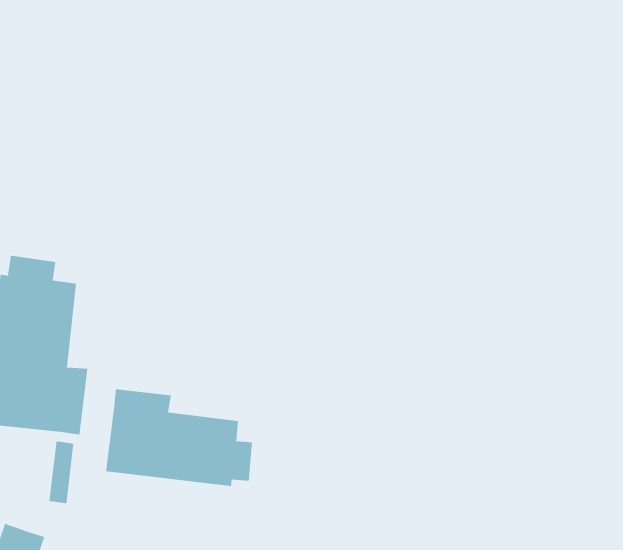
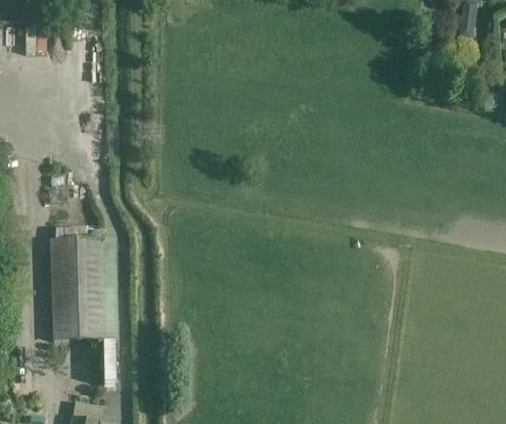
building: [106,389,253,487] -> none

